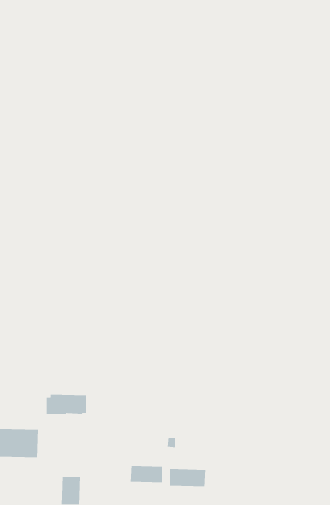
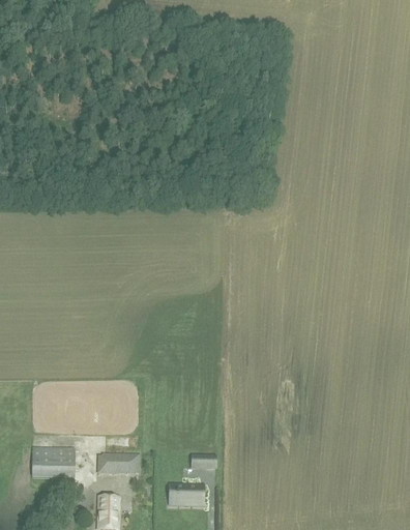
building: [46,394,87,415] -> [97,452,140,474]
building: [169,468,206,487] -> none

